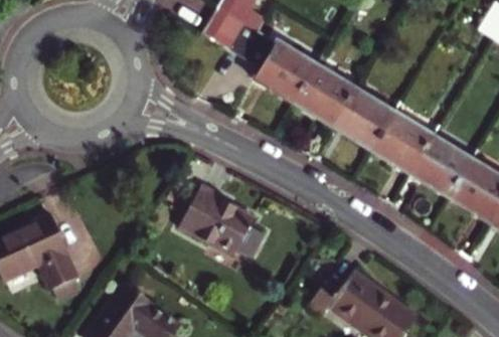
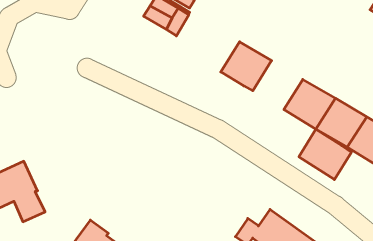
building: [256,42,318,104] -> none
building: [334,90,395,150] -> none
building: none -> [299,129,351,180]
building: [182,187,257,259] -> none

